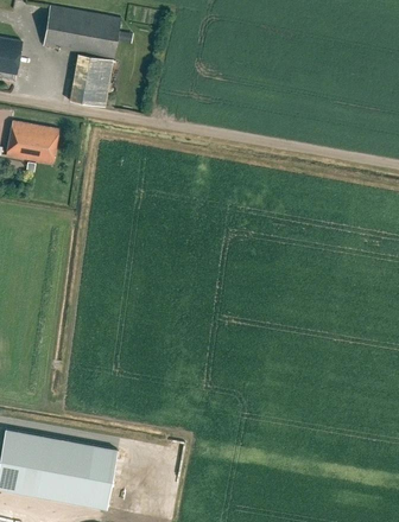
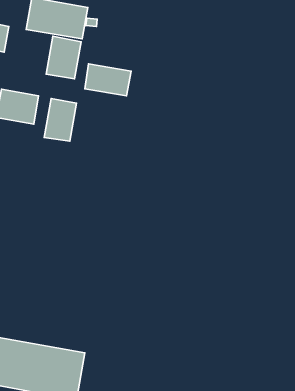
building: none -> [85,64,131,96]
building: none -> [44,99,77,141]

